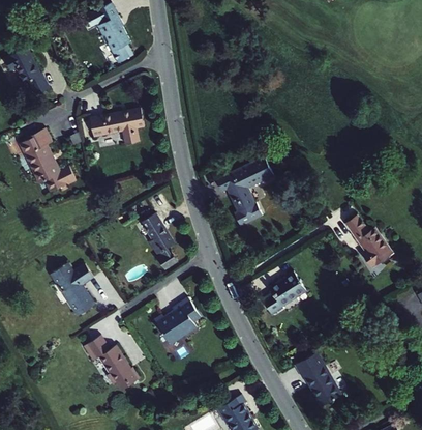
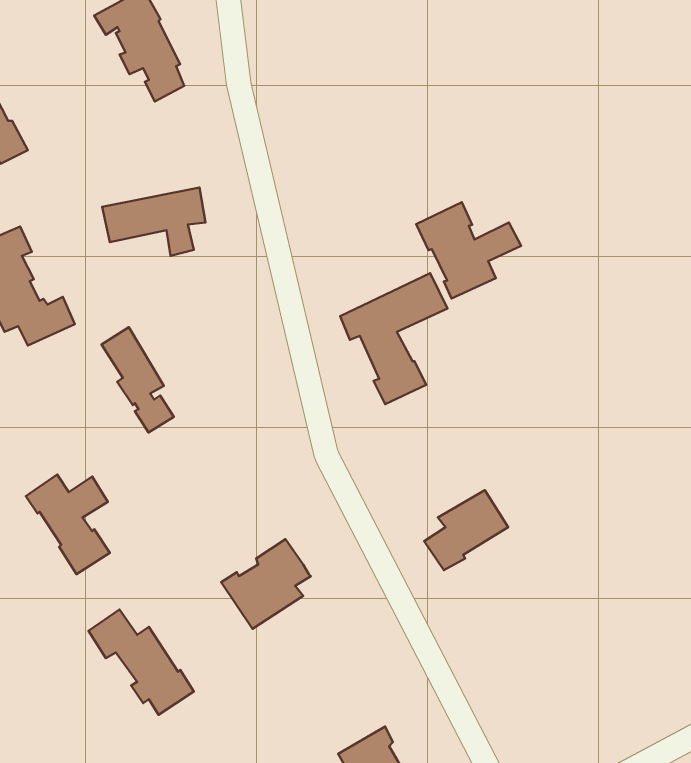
building: none -> [416,202,521,298]
building: [141,211,179,267] -> [101,327,174,433]
building: [345,212,394,267] -> none
building: [294,354,340,409] -> none

